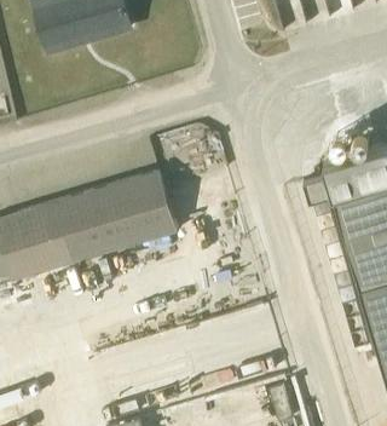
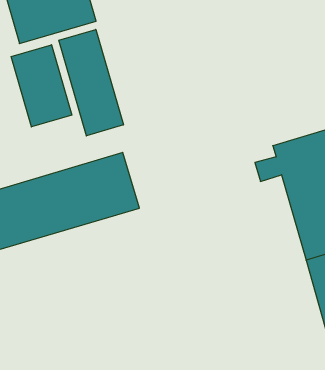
building: none -> [59,29,123,136]
building: none -> [11,45,72,127]

